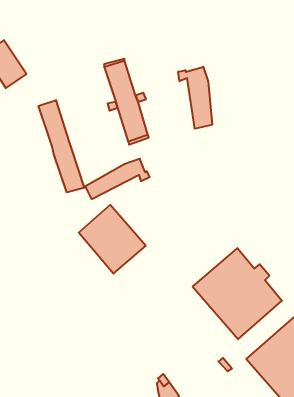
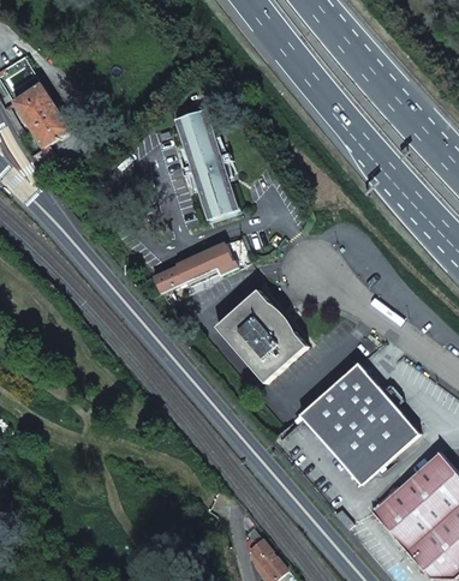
building: [178,67,212,129] -> none
building: [39,100,84,192] -> none
building: [79,205,146,274] -> [217,292,308,384]

